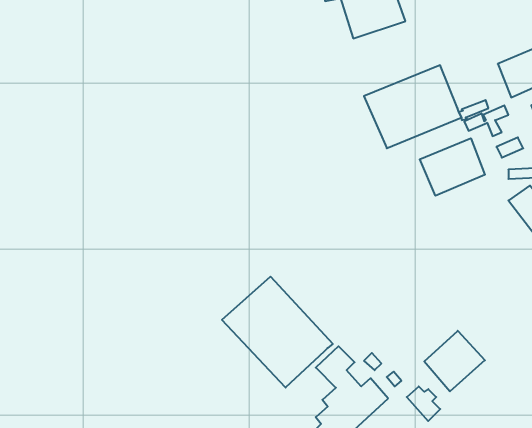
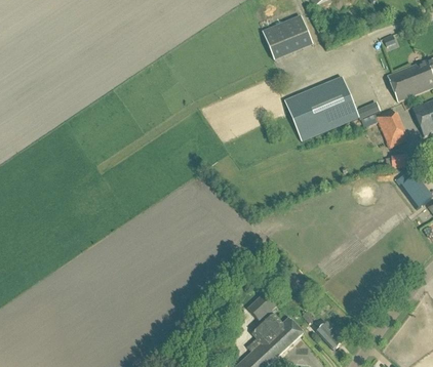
building: [420,138,485,196] -> none
building: [222,277,333,388] -> none
building: [424,331,485,391] -> none

